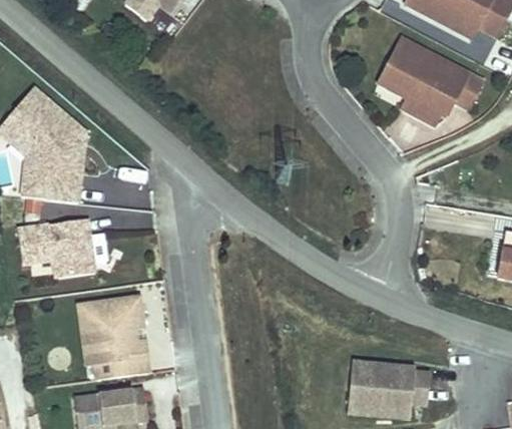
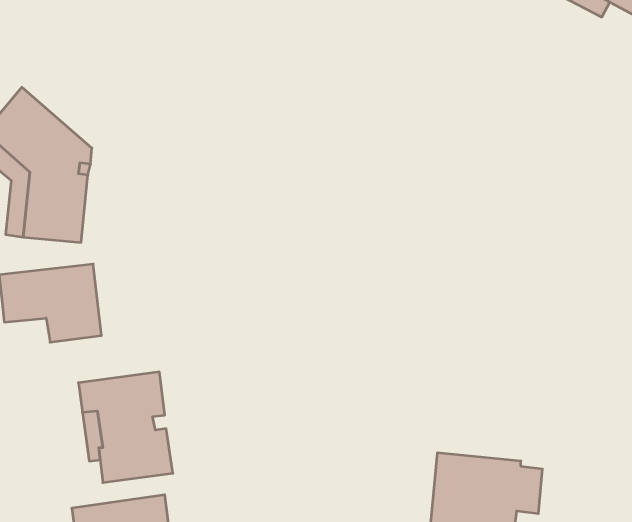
building: [377,37,482,115] -> none

